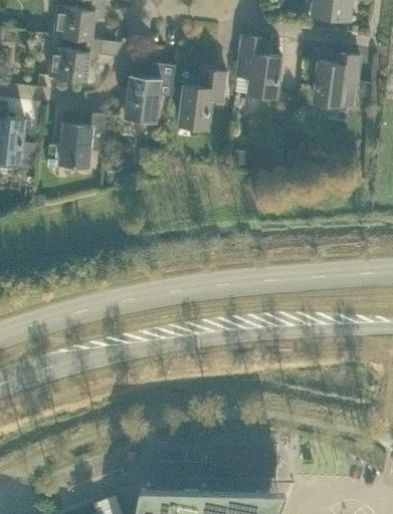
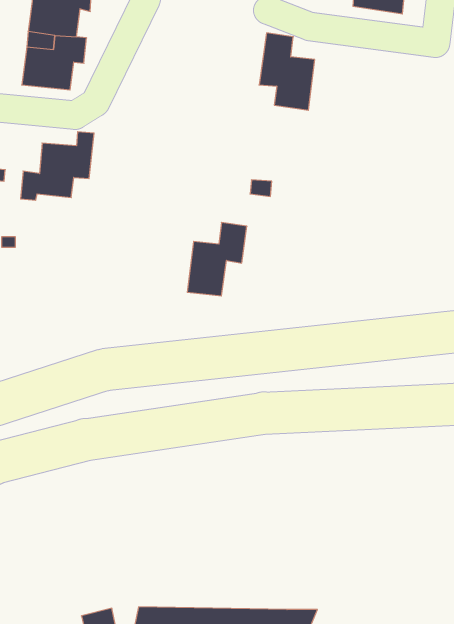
building: [313,54,359,105] -> none
building: [125,63,175,122] -> none
building: [179,70,226,128] -> [187,222,247,296]

